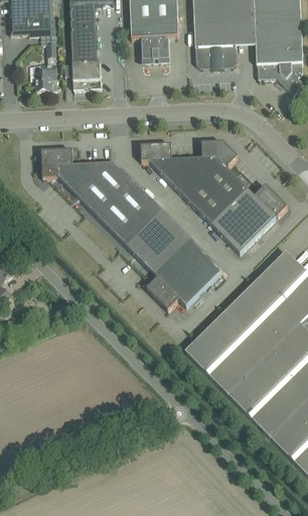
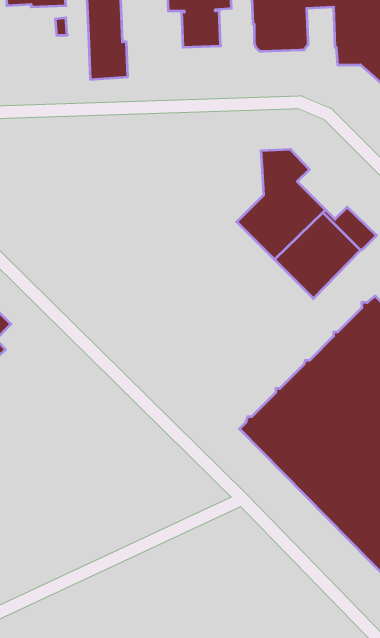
building: [36,61,58,89] -> none
building: [141,142,203,195] -> none
building: [41,148,222,308] -> none

